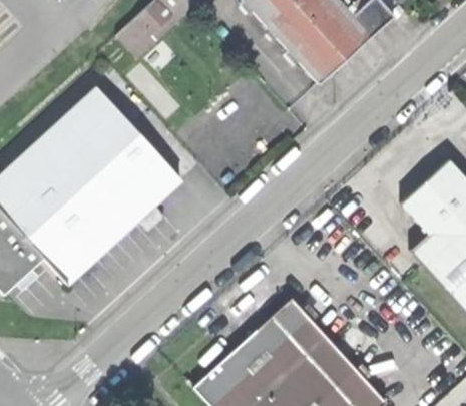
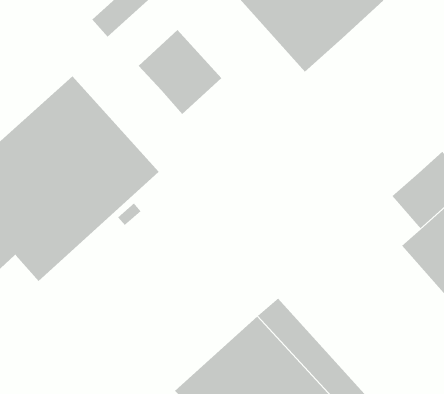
building: none -> [138,29,222,115]

